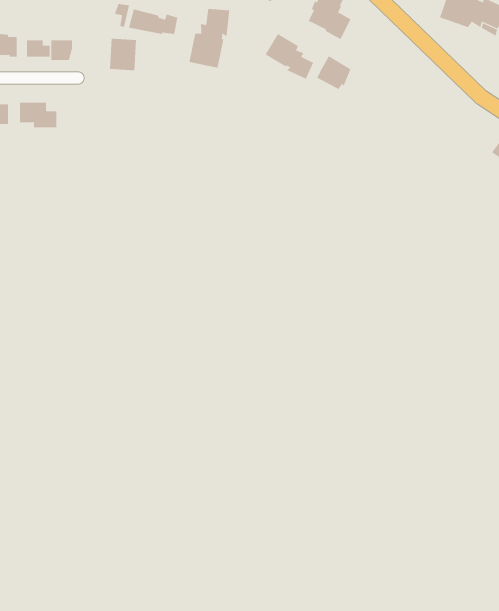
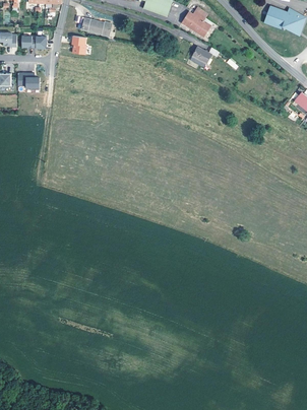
building: [189,8,230,68] -> none
building: [265,33,314,80] -> none

